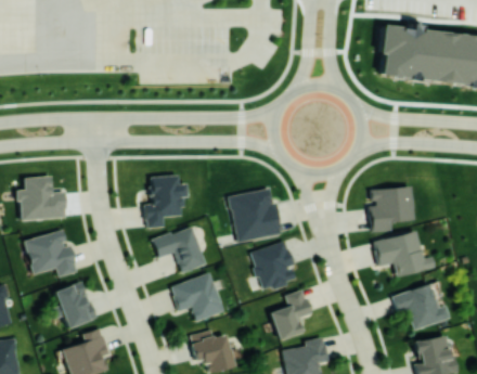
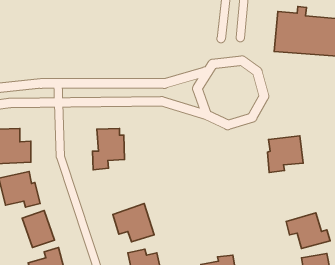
building: [230,189,282,242] -> none
building: [153,225,207,273] -> none
building: [374,232,435,276] -> none
building: [252,242,297,292] -> none
building: [271,289,311,340] -> none

